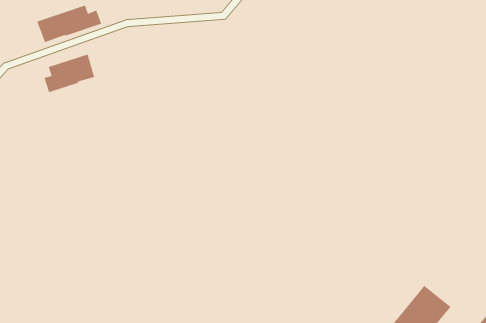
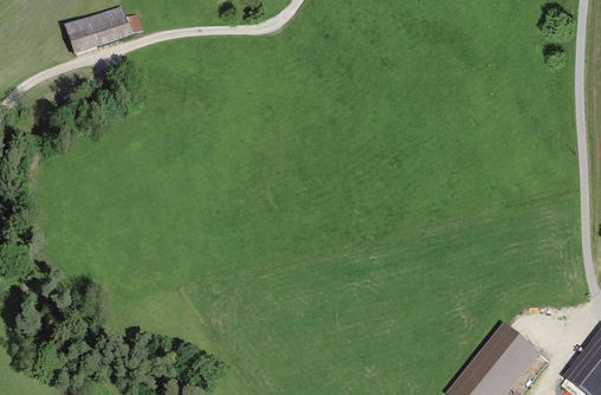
building: [44,53,95,93] -> none

